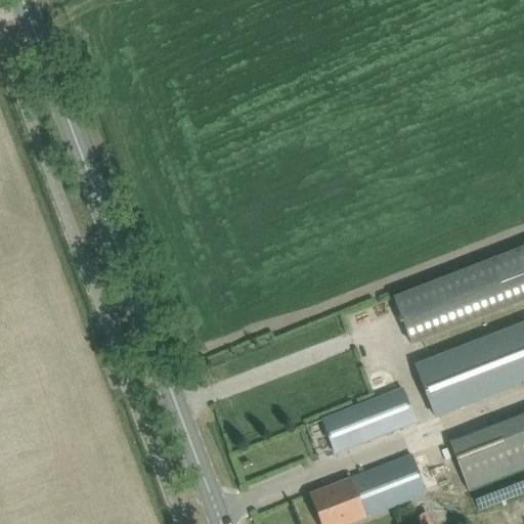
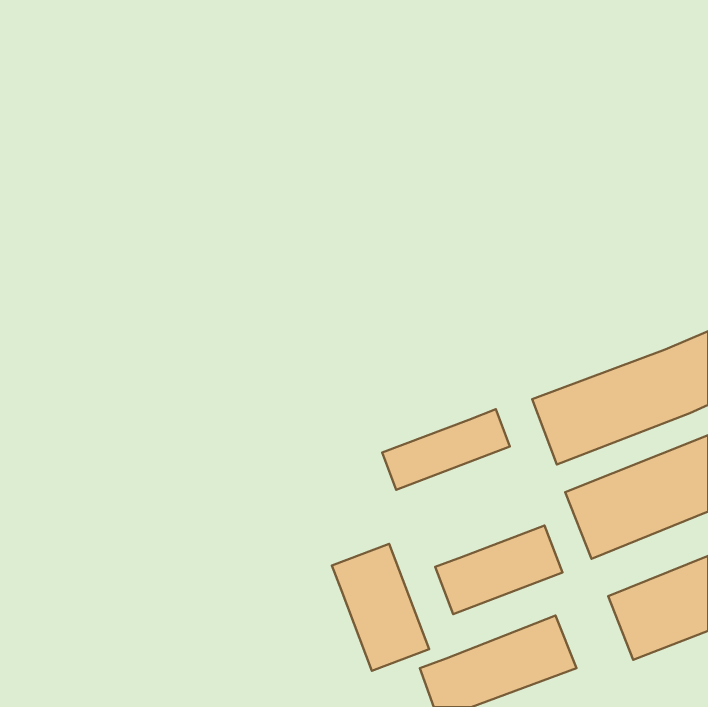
building: none -> [382,409,510,490]
building: none -> [332,544,429,671]

